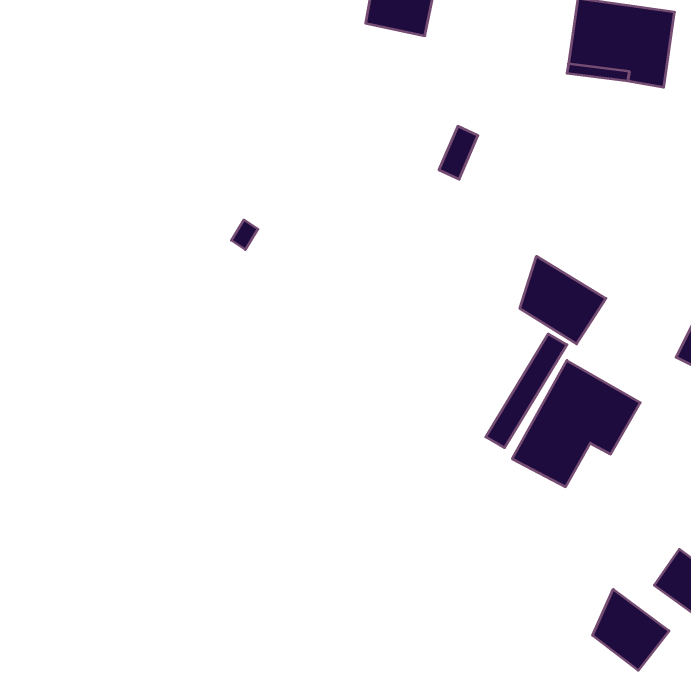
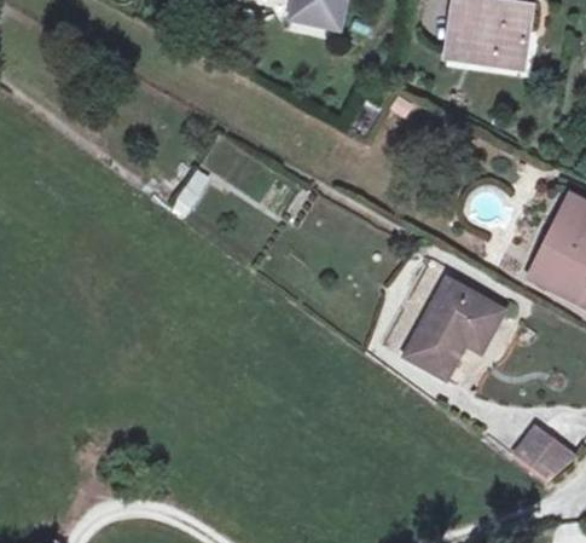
building: [520,256,606,344] -> none
building: [593,589,669,670] -> none

